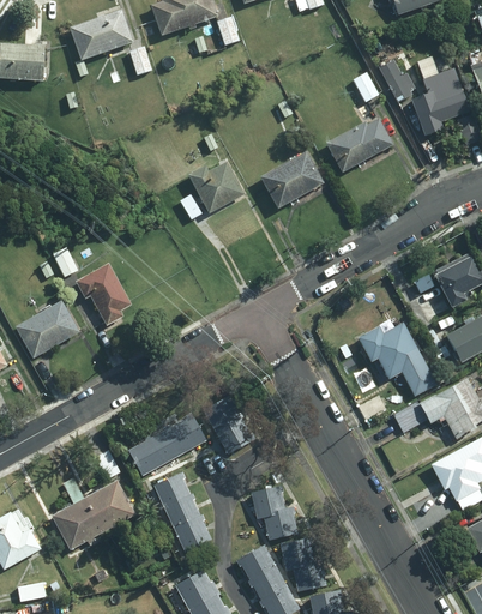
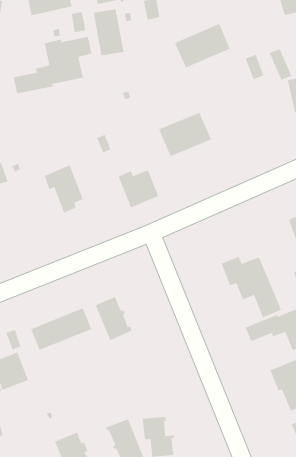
building: none -> [93,9,124,56]
building: none -> [13,36,92,94]
building: [324,115,394,176] -> [174,23,230,68]
building: [189,163,243,213] -> [118,170,159,208]
building: [77,261,129,323] -> [44,165,83,213]
building: [155,470,211,549] -> none
building: [252,484,297,537] -> none

